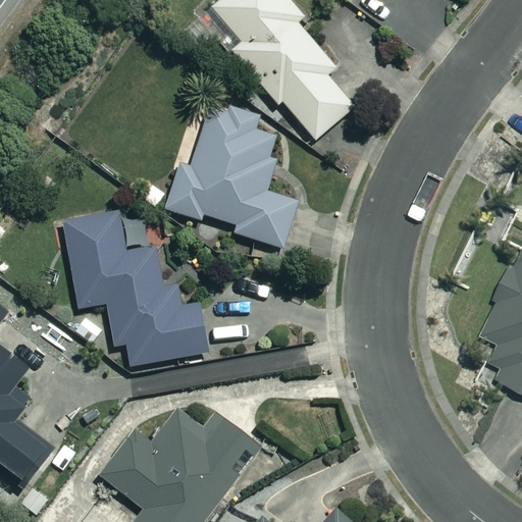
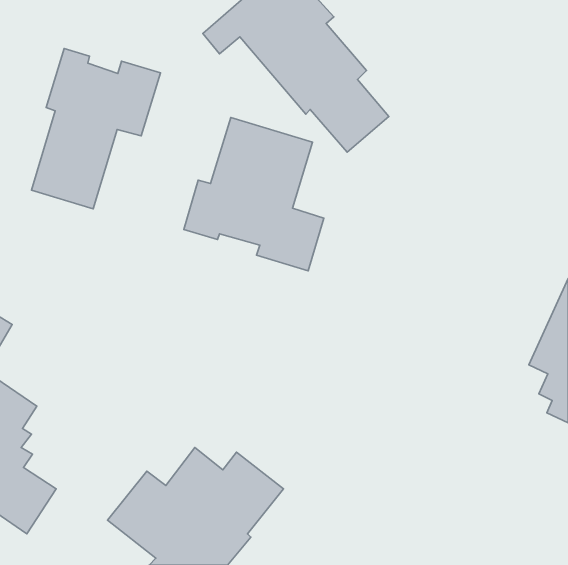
building: none -> [31,49,160,209]
building: [63,209,208,364] -> none

